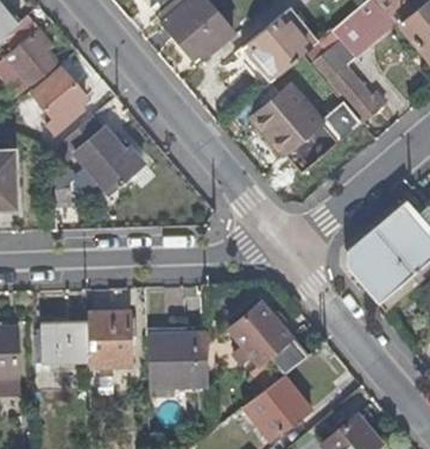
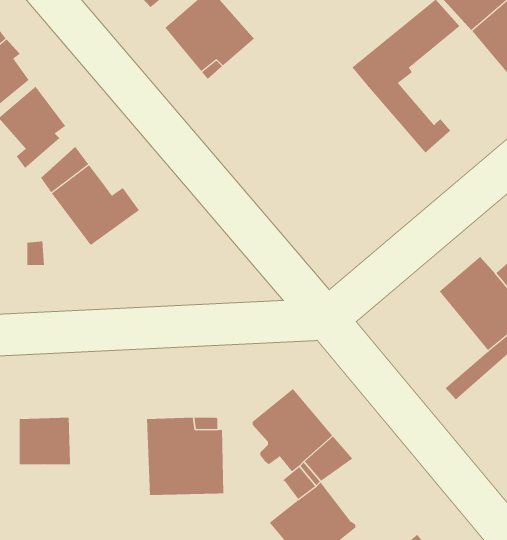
building: [238,11,317,87] -> none
building: [252,87,360,172] -> none
building: [348,227,412,302] -> none
building: [88,311,131,365] -> none

